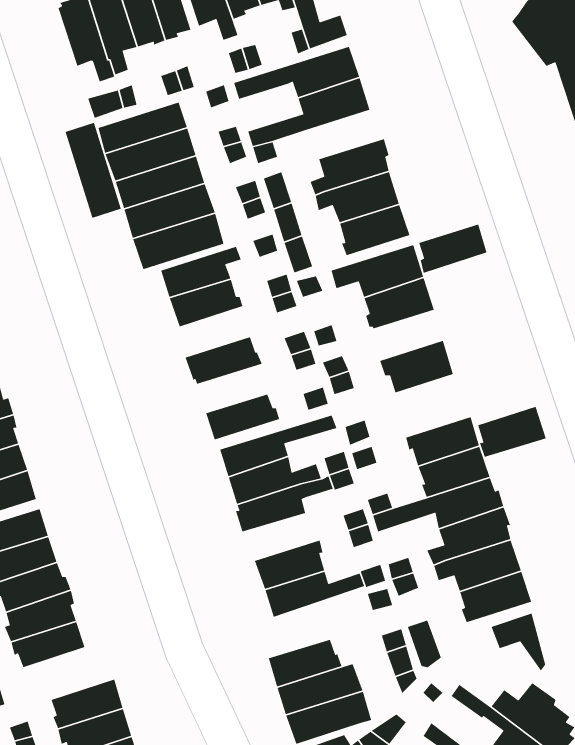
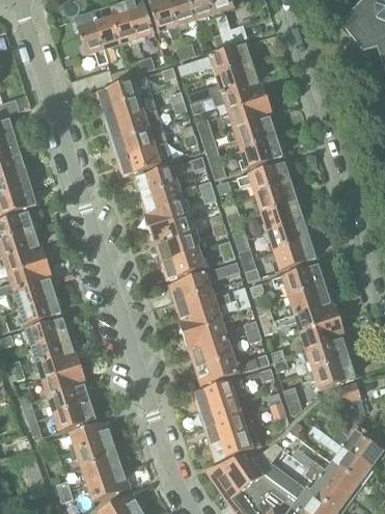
building: none -> [221,82,269,111]
building: [65,122,122,219] -> none
building: [418,223,488,274] -> [263,201,304,232]
building: none -> [145,199,189,229]
building: none -> [157,234,199,263]
building: [477,406,547,458] -> [275,240,317,271]
building: none -> [184,323,230,351]
building: none -> [194,380,237,409]
building: none -> [53,403,95,433]

